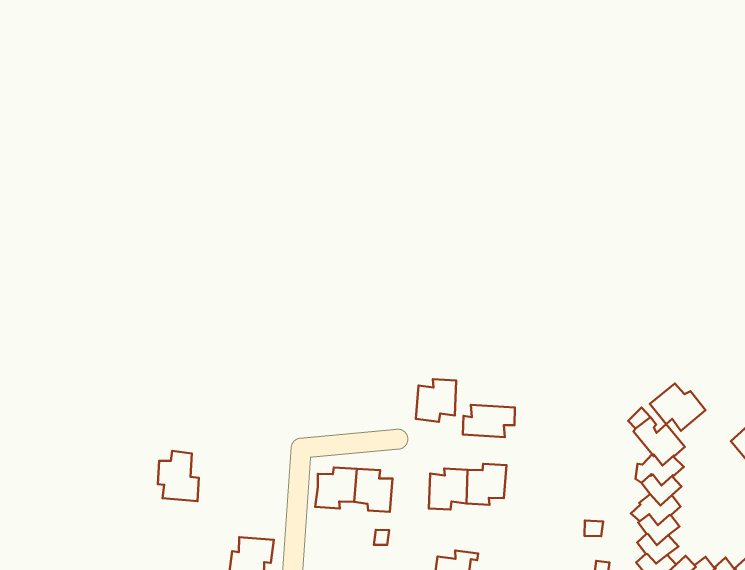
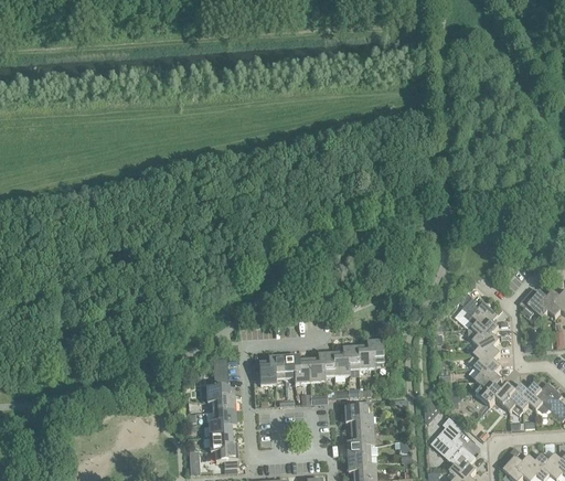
building: [416,379,456,422] -> [308,352,334,381]
building: [650,383,706,431] -> none
building: [463,405,515,437] -> none
building: [158,451,199,501] -> [206,378,235,410]

